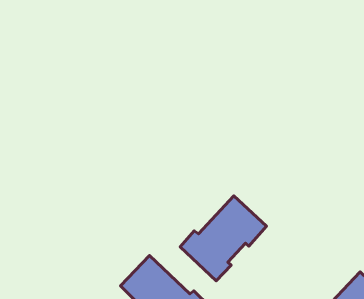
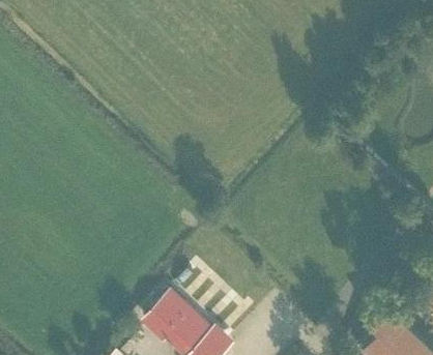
building: [180,196,267,281] -> none

